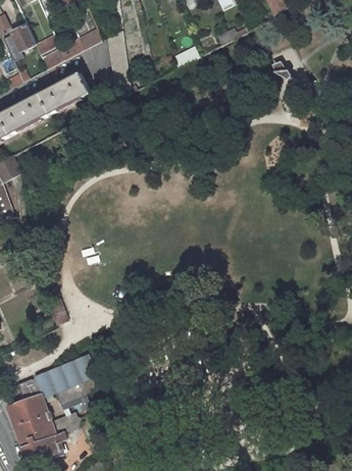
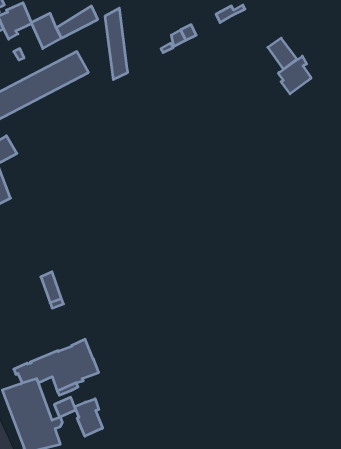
building: none -> [278,56,311,94]
building: none -> [75,399,103,436]

